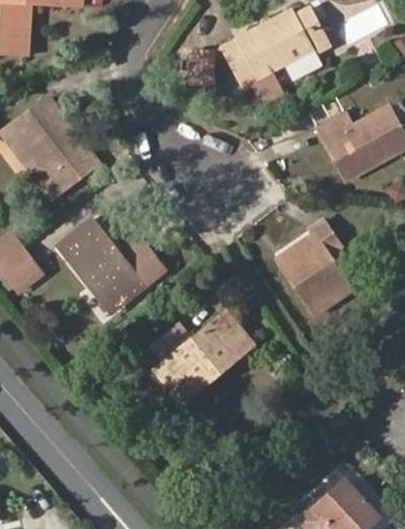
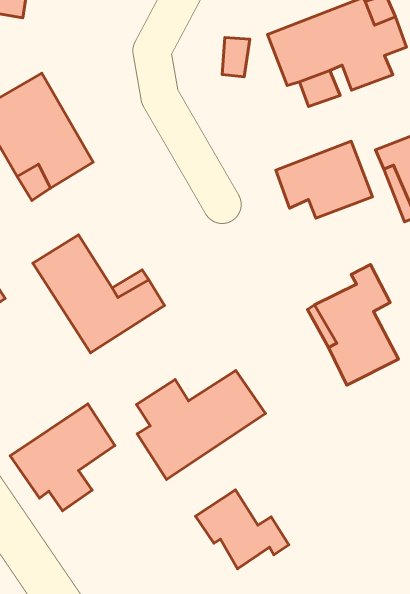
building: none -> [276,141,372,218]
building: none -> [10,404,115,511]
building: none -> [195,490,289,569]

